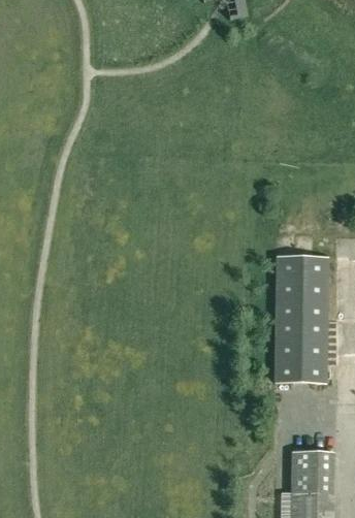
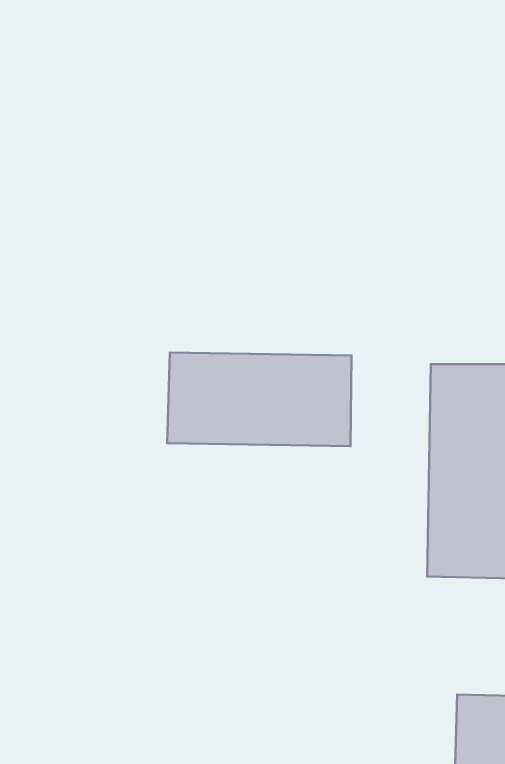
building: none -> [167,352,352,446]

